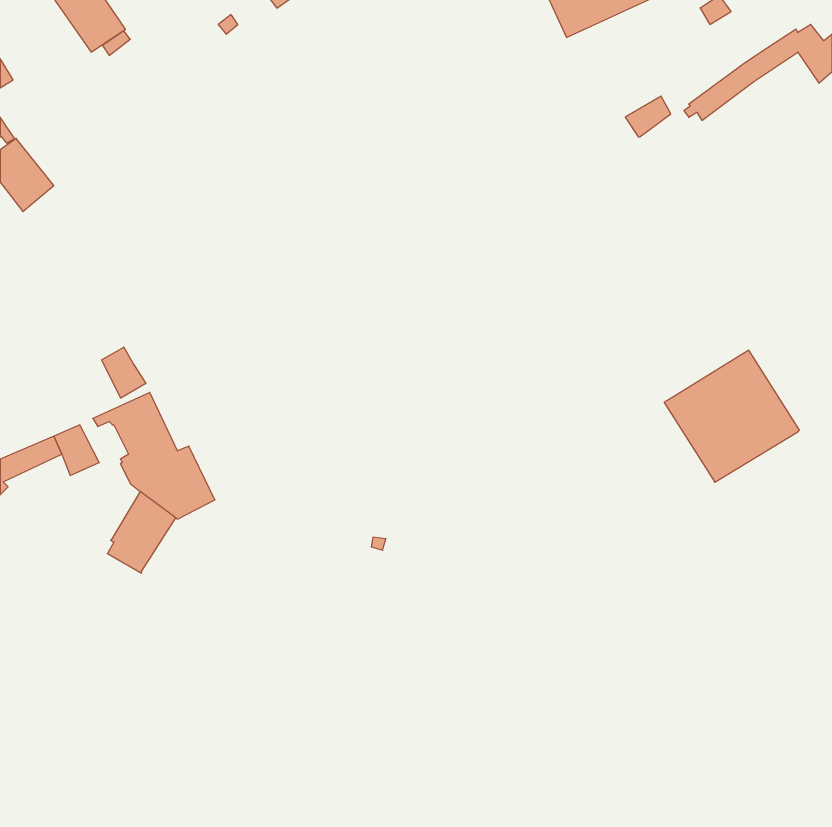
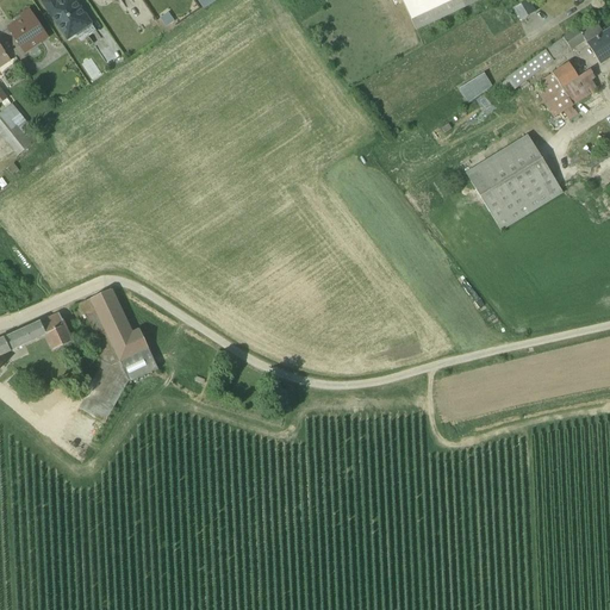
building: none -> [6,6,49,51]
building: none -> [536,60,597,117]
building: [102,347,146,398] -> none
building: [664,350,799,482] -> [463,132,562,229]

